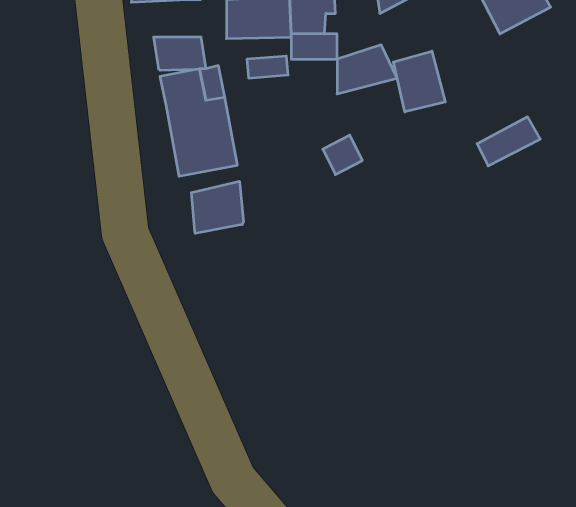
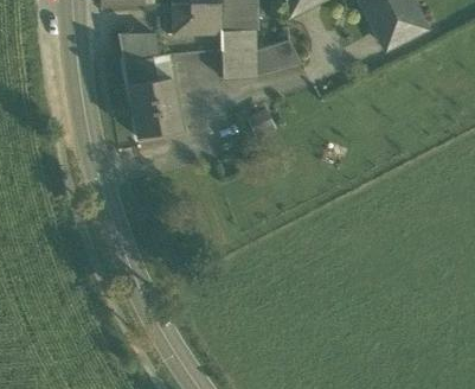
building: [393,51,445,112] -> none
building: none -> [222,50,256,78]
building: [477,117,540,166] -> [378,11,425,47]
building: [191,181,243,233] -> none

